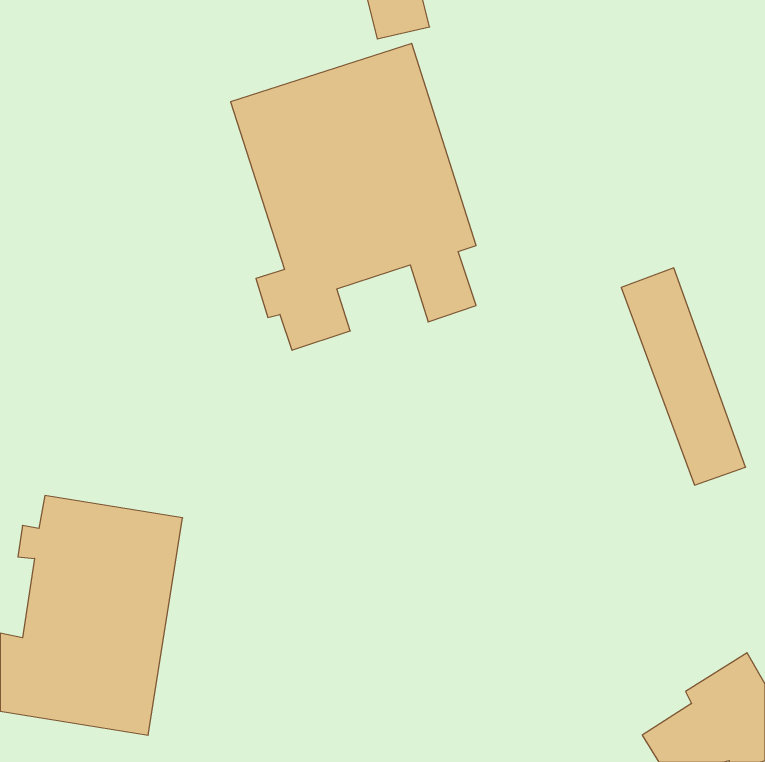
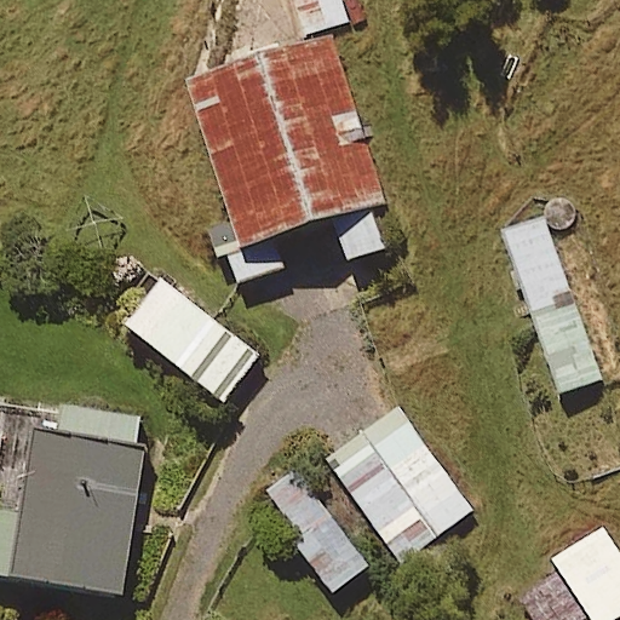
building: none -> [125,279,257,401]
building: none -> [260,407,473,590]

